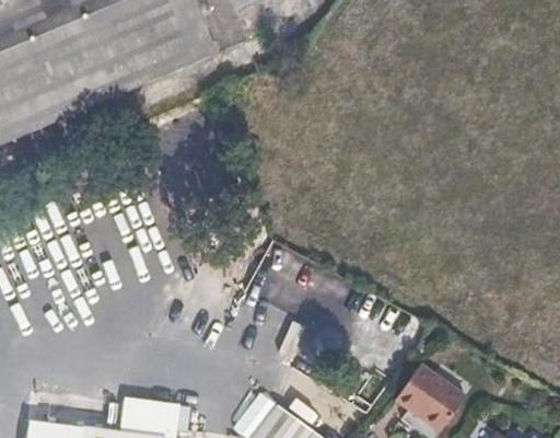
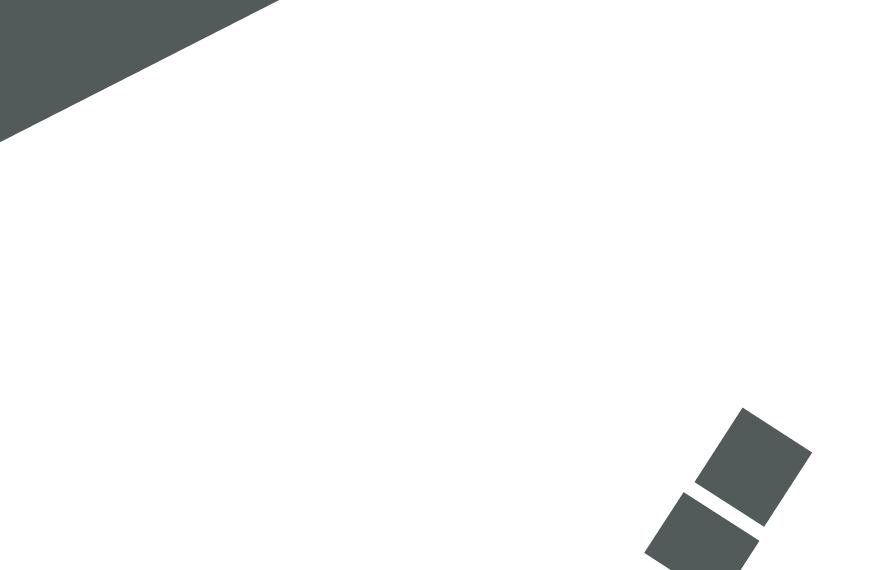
building: none -> [694,407,813,528]

